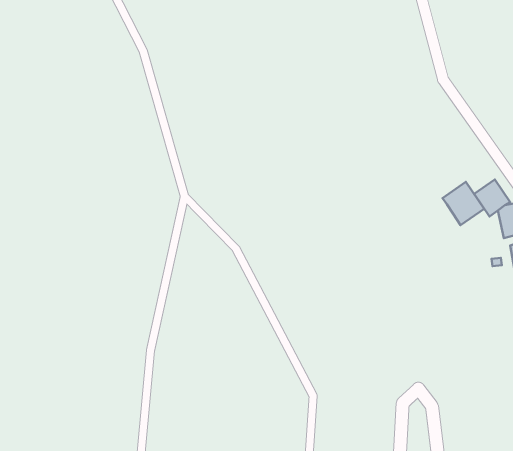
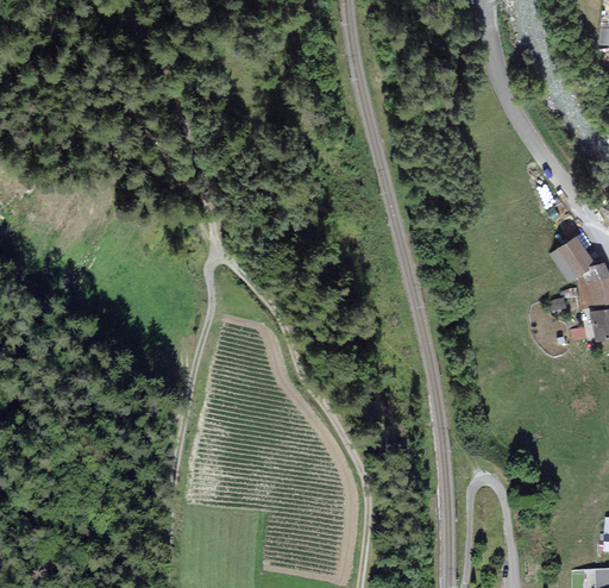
building: [442,182,484,225] -> none

